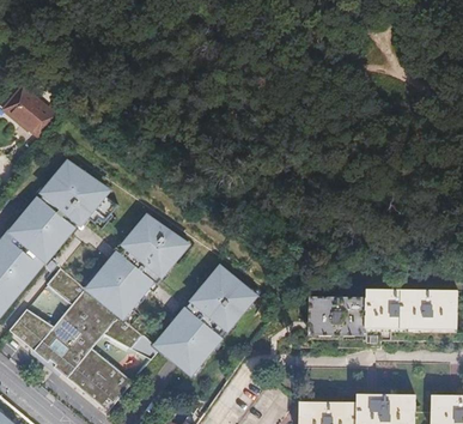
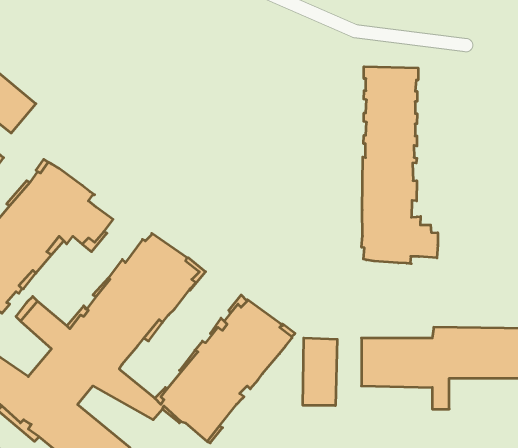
building: none -> [362,67,438,264]
building: none -> [303,338,337,406]

